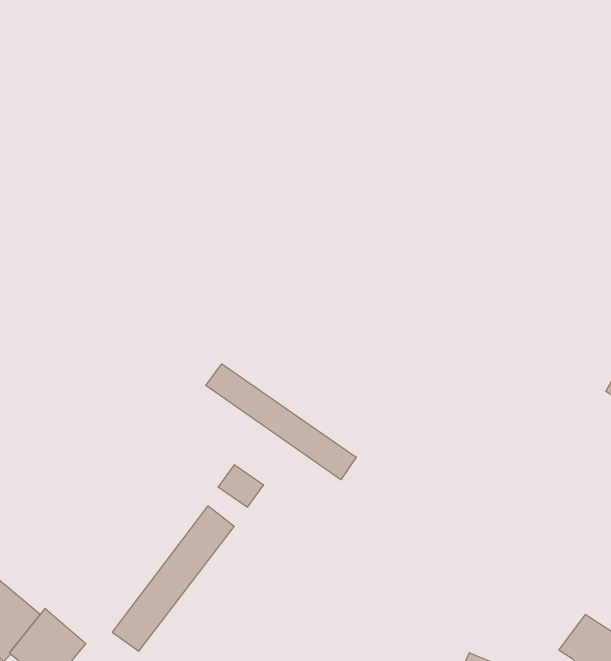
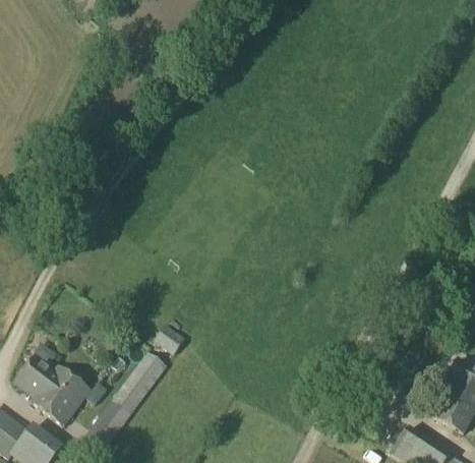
building: [206,364,356,480] -> none
building: none -> [16,353,87,422]

